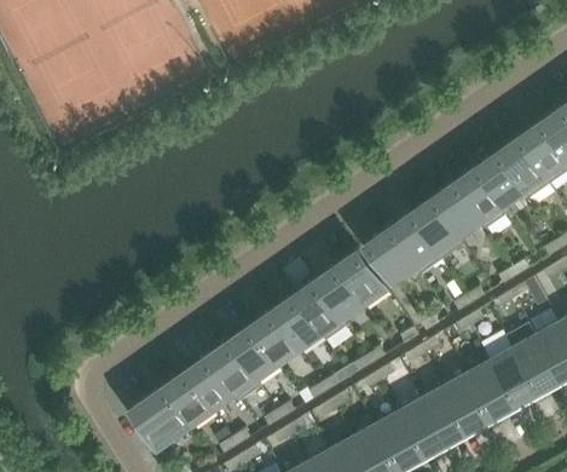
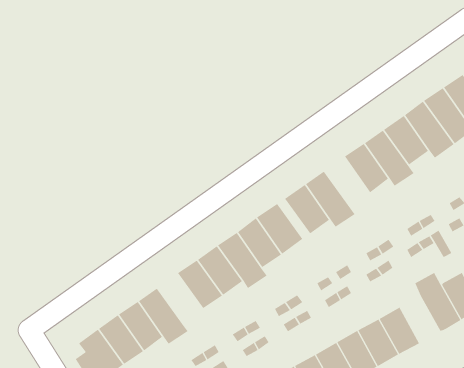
building: [410,197,464,260] -> none
building: [228,324,278,379] -> none
building: [492,349,536,401] -> none

